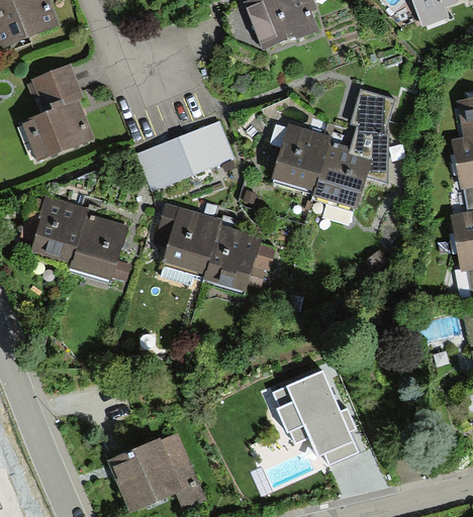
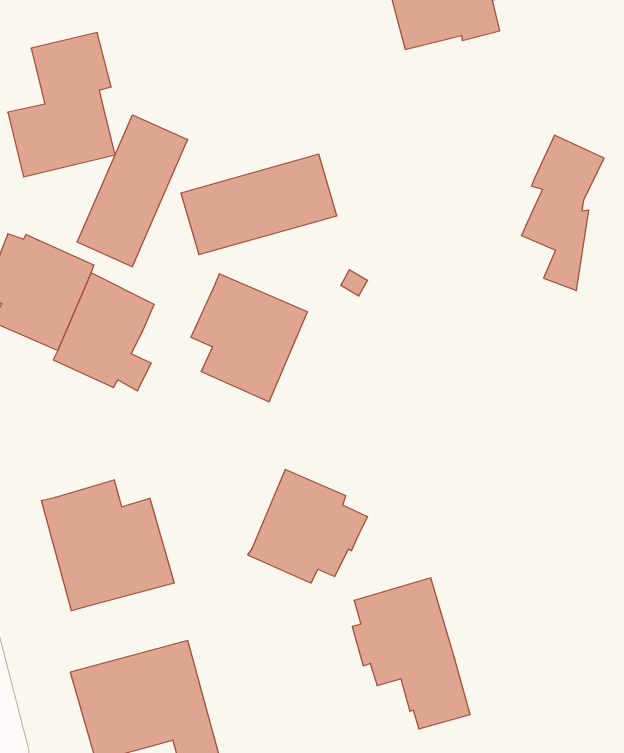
building: none -> [77,115,188,267]
building: [269,123,371,212] -> none
building: [205,225,276,293] -> [248,470,368,583]
building: none -> [42,480,174,611]

